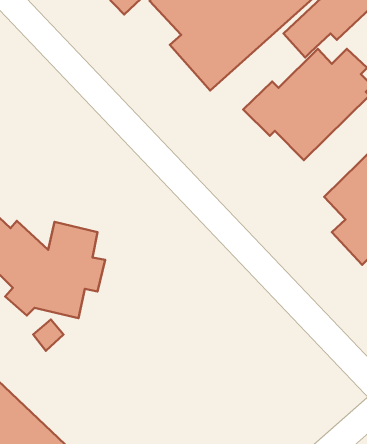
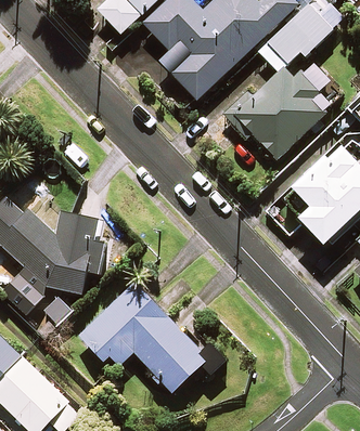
building: none -> [78,282,229,393]

